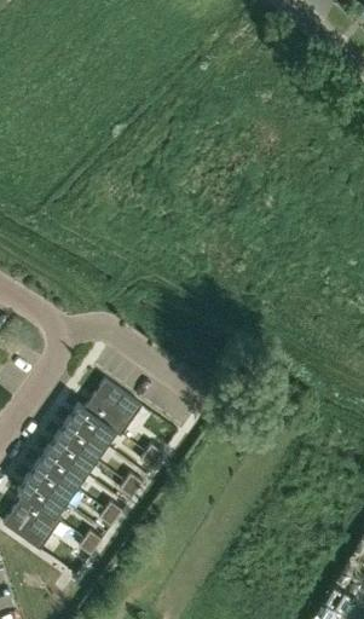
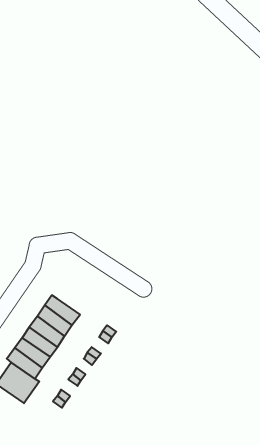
building: [85,378,143,434] -> none

